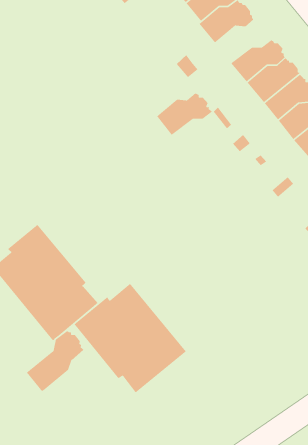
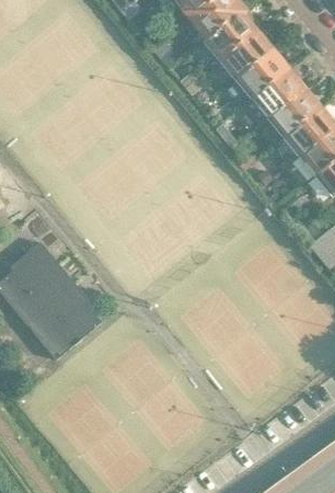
building: [156,92,213,136] -> [219,35,276,79]
building: [74,283,187,393] -> none
building: [26,330,84,392] -> none

